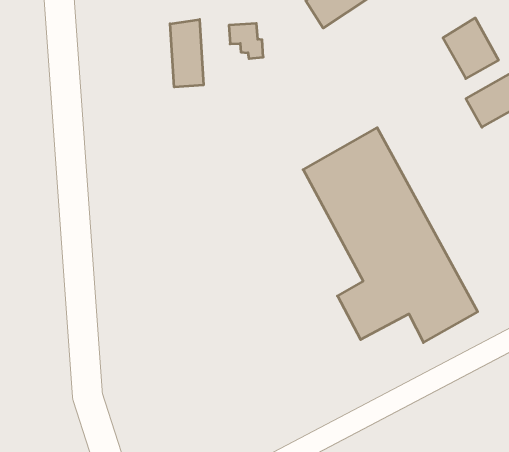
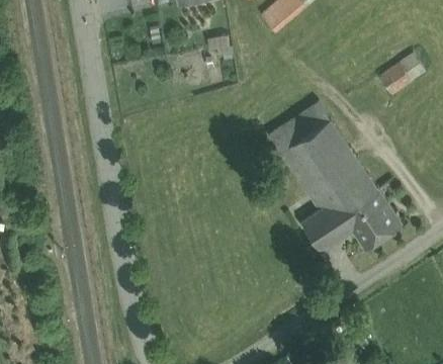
building: [443,18,498,79] -> none
building: [170,19,203,87] -> none

